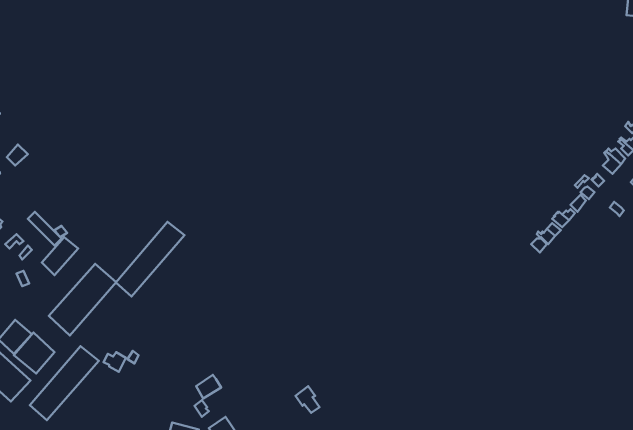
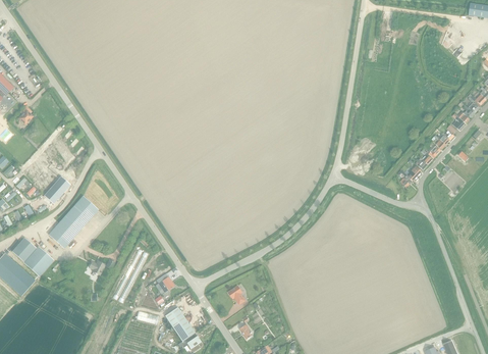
building: [116,222,185,296] -> none
building: [30,346,99,420] -> none

